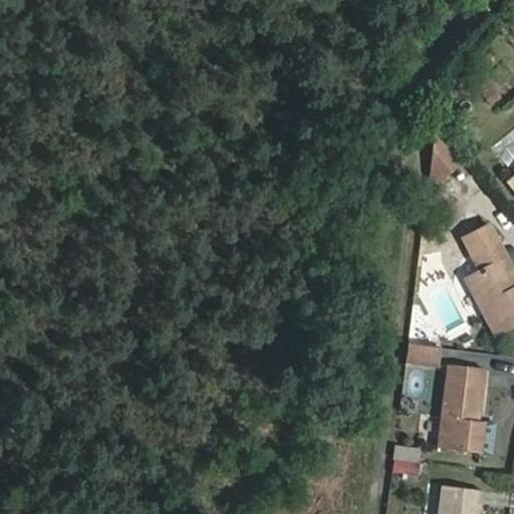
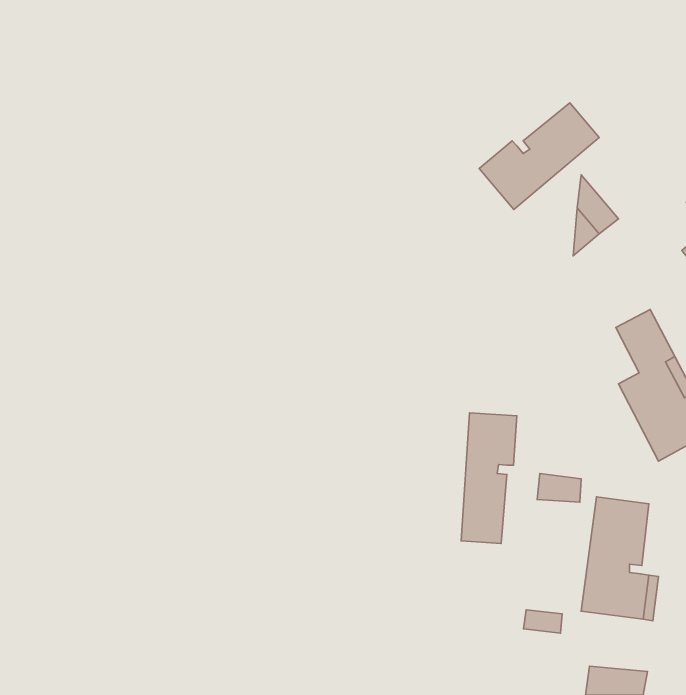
building: none -> [479,103,599,209]
building: none -> [461,413,517,544]

